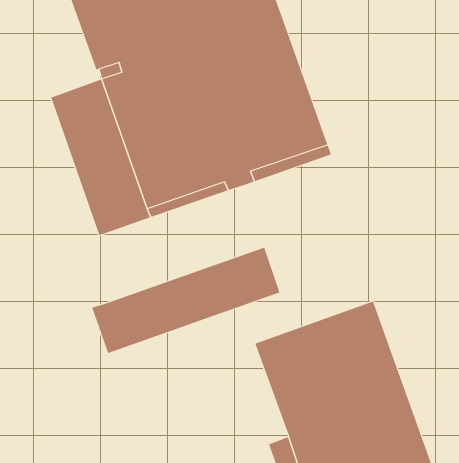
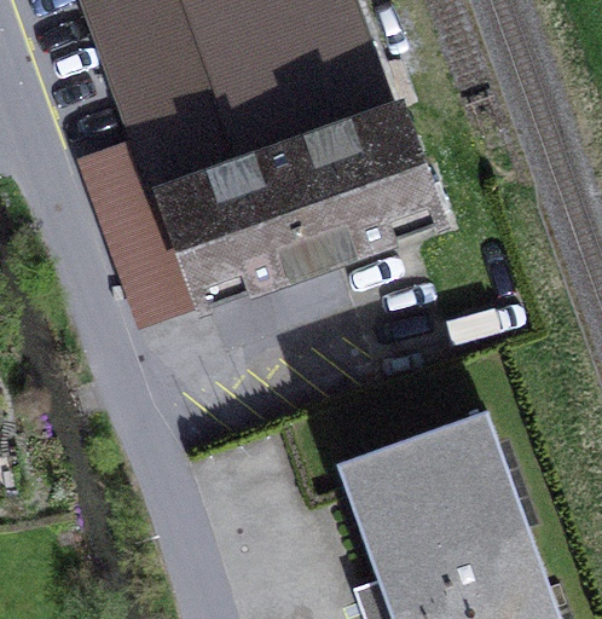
building: [92,247,280,354] -> none

